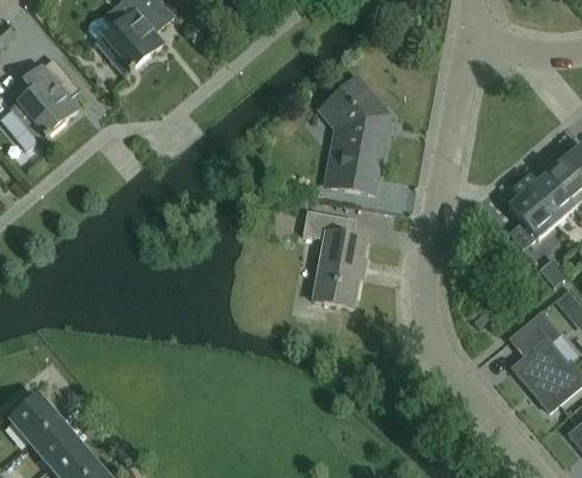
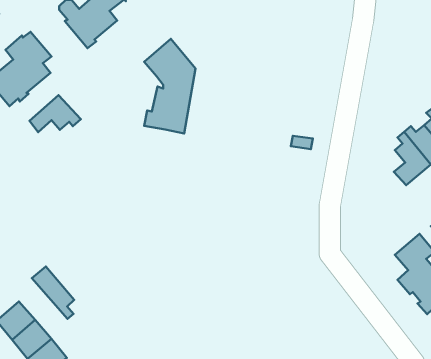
building: [324,75,388,194] -> [144,39,196,133]
building: none -> [29,95,81,132]
building: [302,210,366,307] -> none
building: none -> [32,266,74,319]

